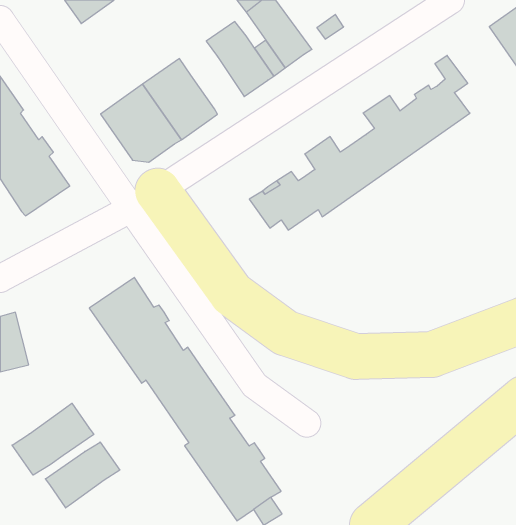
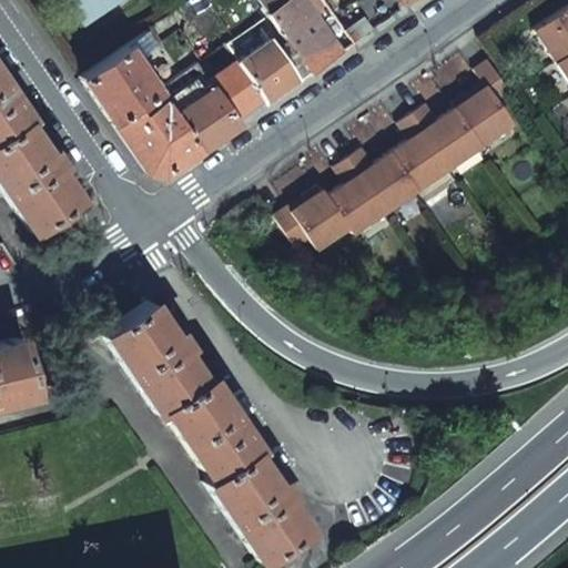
building: none -> [87,44,163,123]
building: none -> [215,61,268,118]
building: [12,403,94,475] -> none
building: [45,442,120,508] -> none

